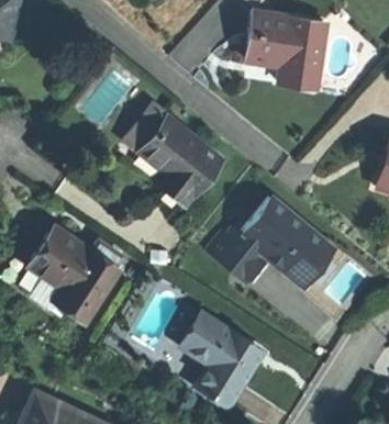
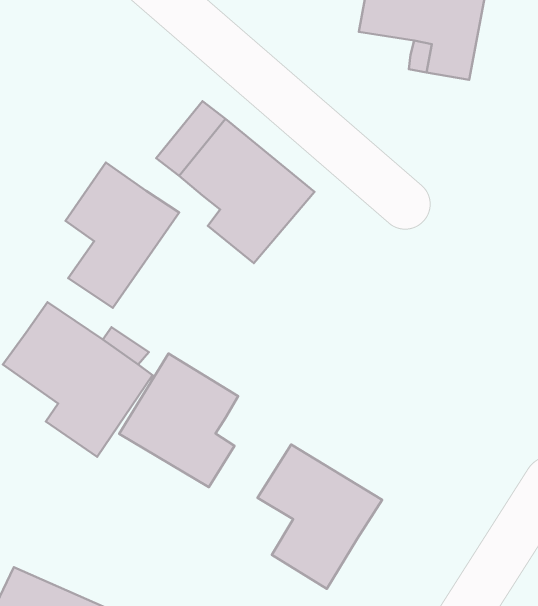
building: none -> [66,163,179,308]
building: [208,197,324,281] -> none
building: none -> [119,353,238,487]

